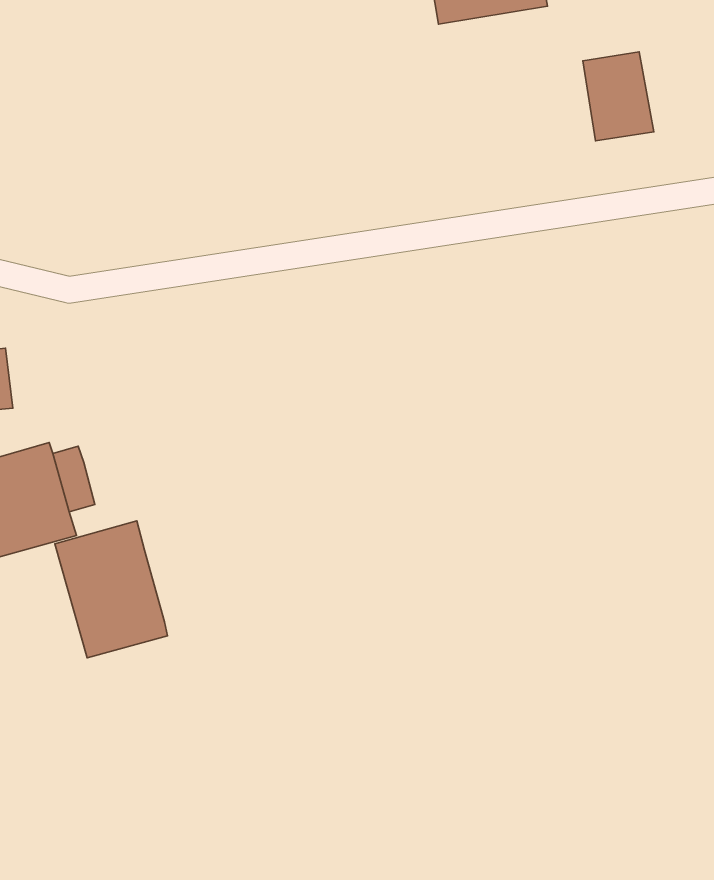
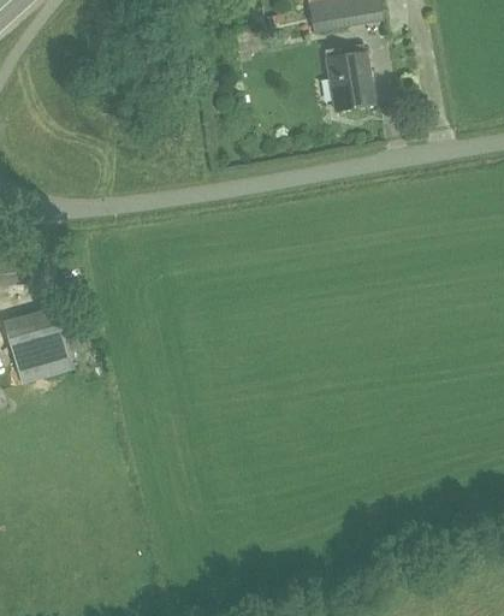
building: [583,52,654,141] -> [326,51,373,109]
building: [55,521,168,658] -> none

